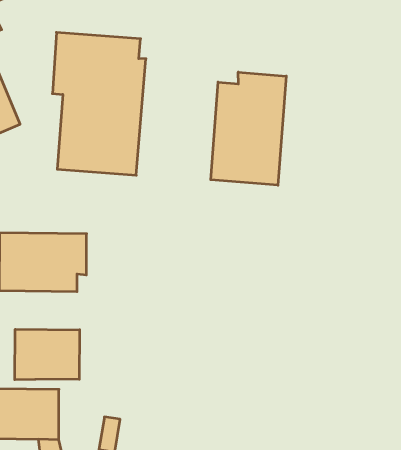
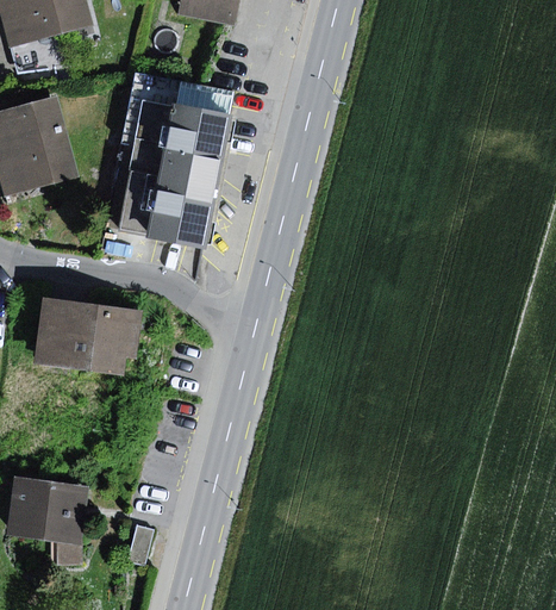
building: [211,72,286,185] -> none
building: [15,329,80,380] -> none

